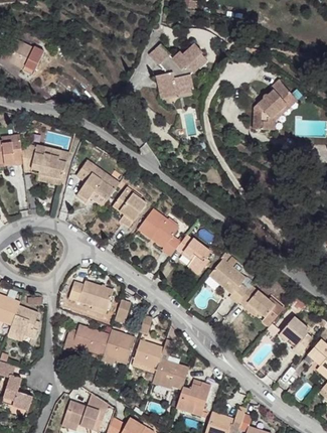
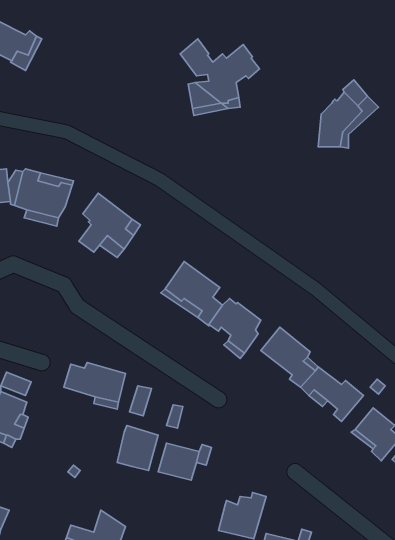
building: [112,190,145,227] -> none
building: [62,327,109,357] -> none
building: [163,362,189,389] -> none

